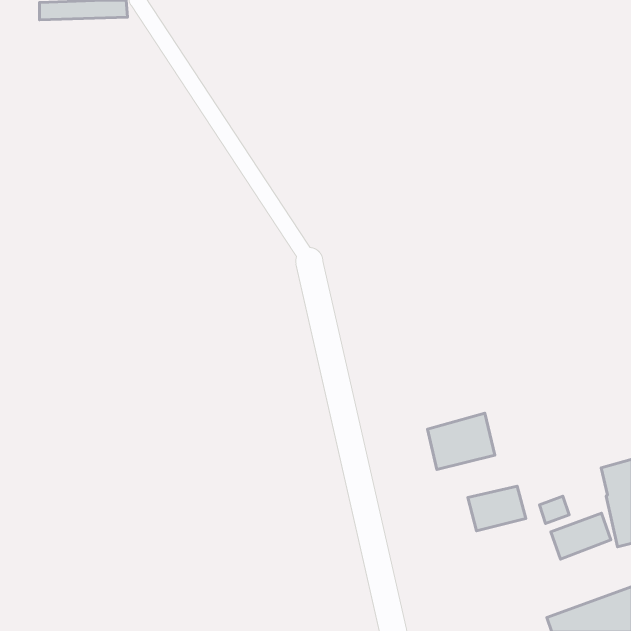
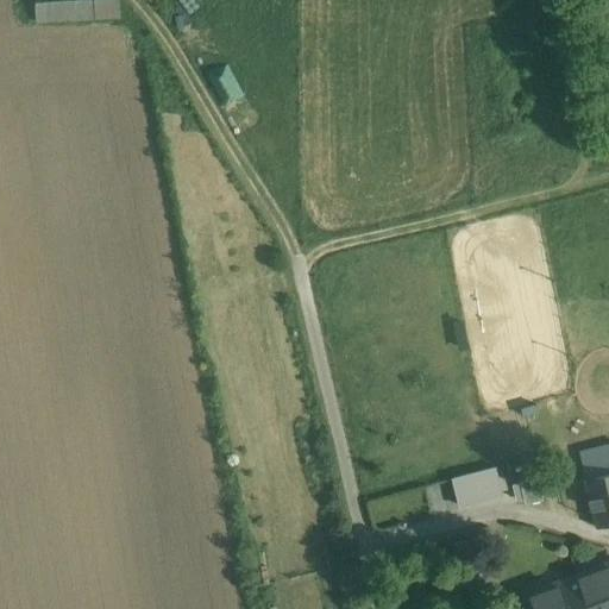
building: [428,413,495,470] -> none
building: [551,513,611,559] -> none

